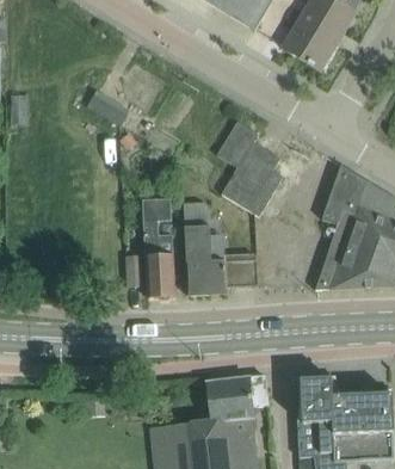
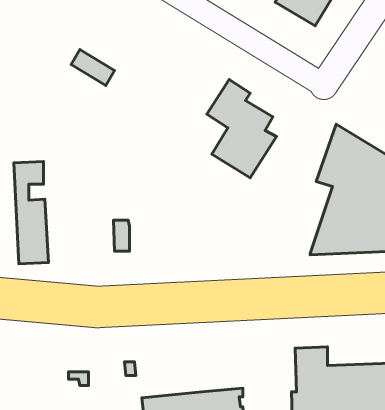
building: [142,198,175,296] -> [14,162,49,264]
building: [184,202,258,295] -> none
building: [206,375,267,420] -> none

